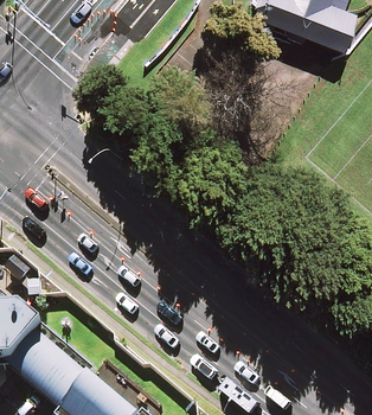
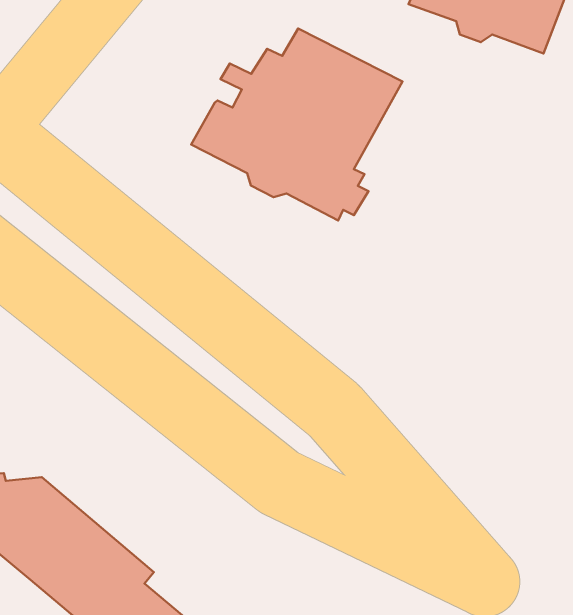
building: none -> [191,29,403,221]

